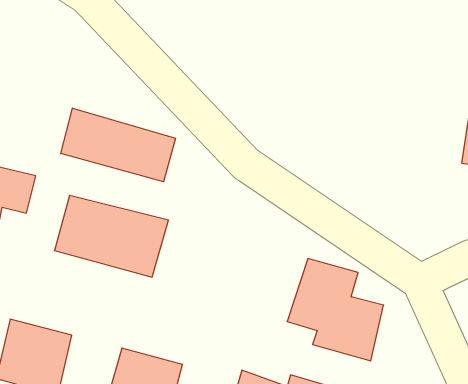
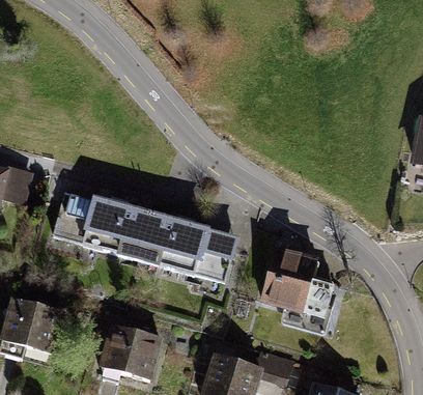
building: [61,108,175,182] -> none
building: none -> [137,210,241,285]

